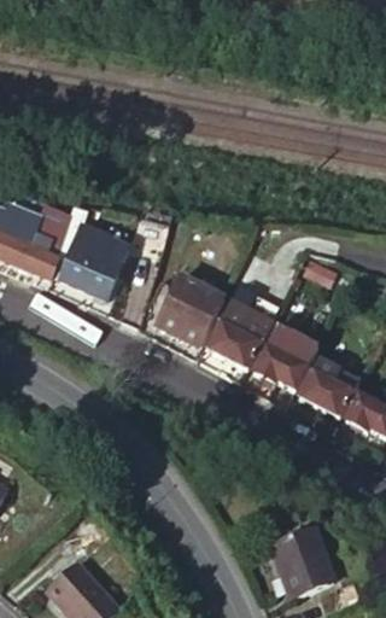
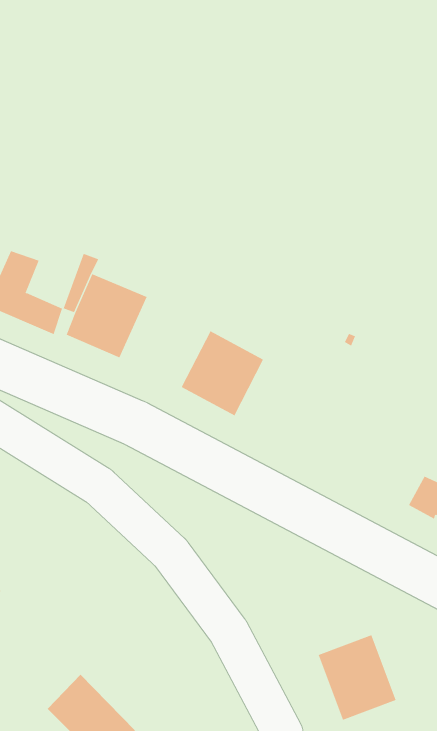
building: [206,286,279,369] -> none
building: [252,326,317,391] -> none
building: [299,360,359,416] -> none

